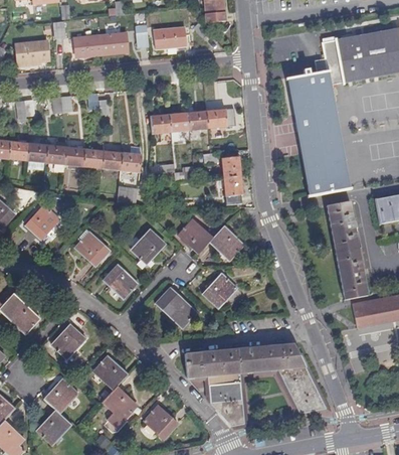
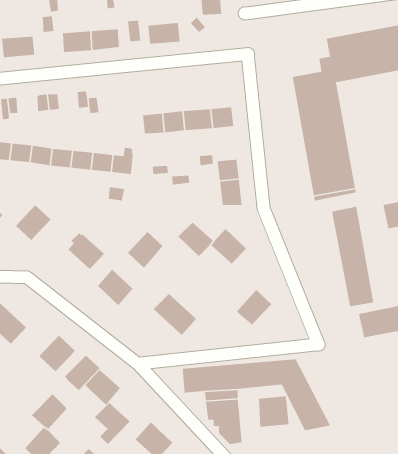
building: [205,270,239,304] -> [236,289,272,326]
building: none -> [64,355,100,391]
building: none -> [258,395,289,428]

